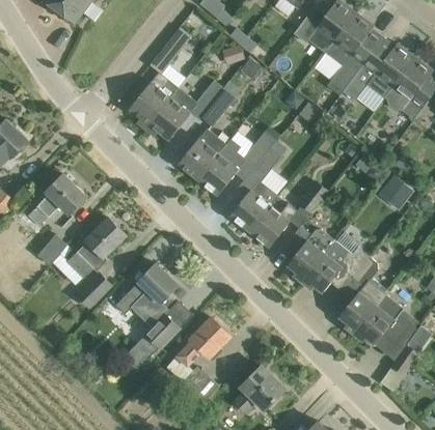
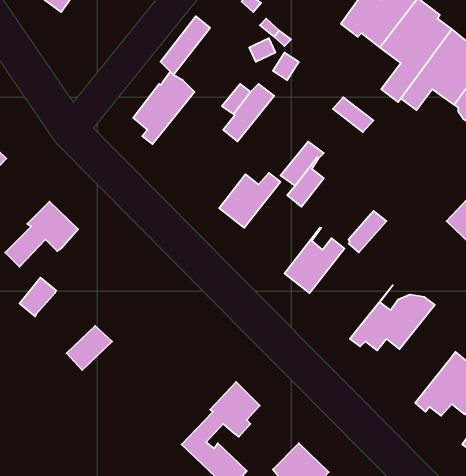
building: [144,87,197,140] -> none
building: [178,126,229,179] -> none
building: [229,179,277,231] -> none
building: [65,217,126,279] -> none
building: [283,225,335,283] -> none
building: [335,256,386,334] -> none
building: [116,263,179,373] -> none

